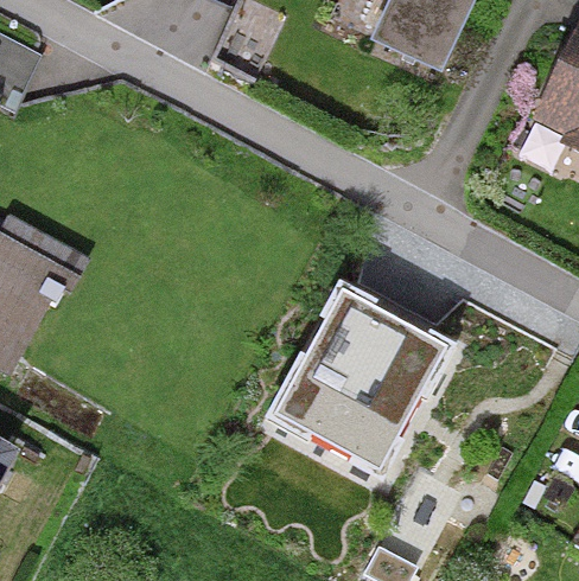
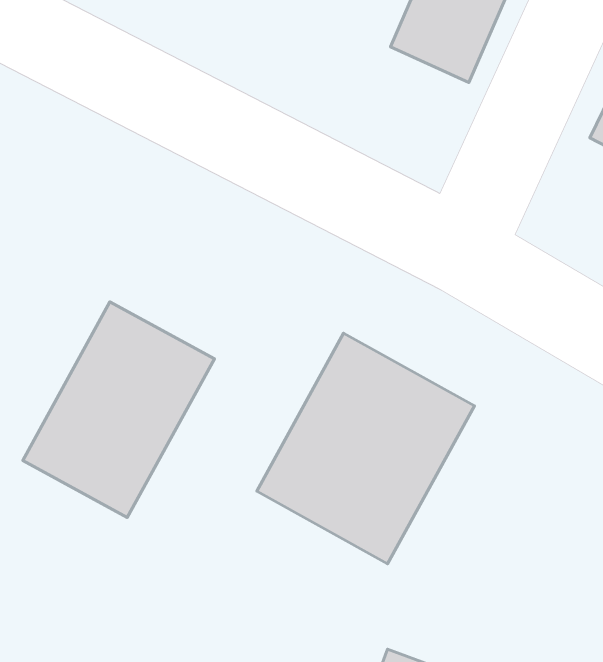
building: none -> [23,302,214,517]

